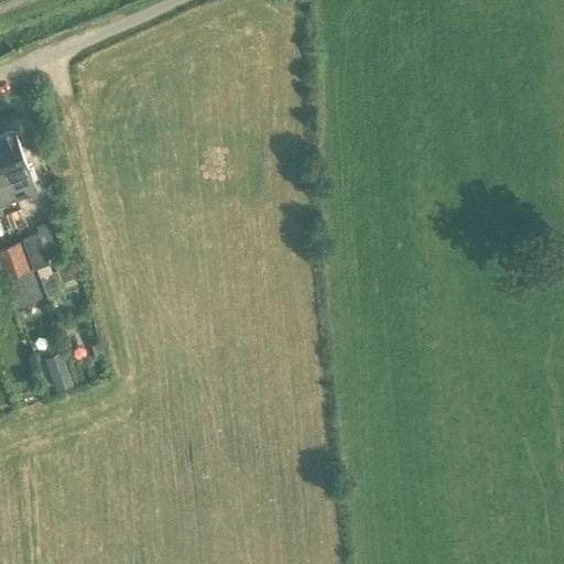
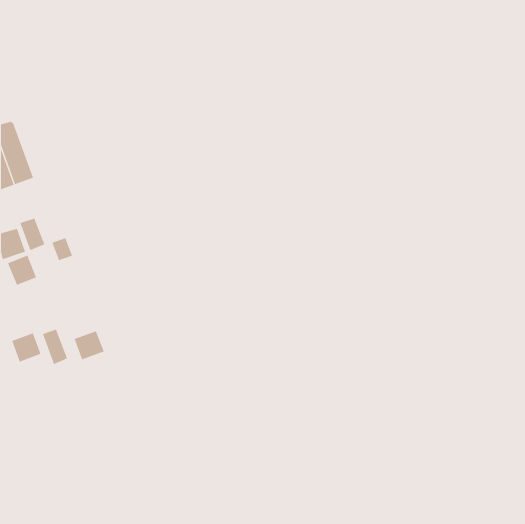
building: none -> [74,330,104,360]
building: none -> [12,332,41,362]

